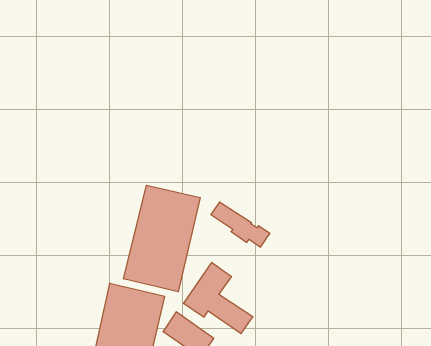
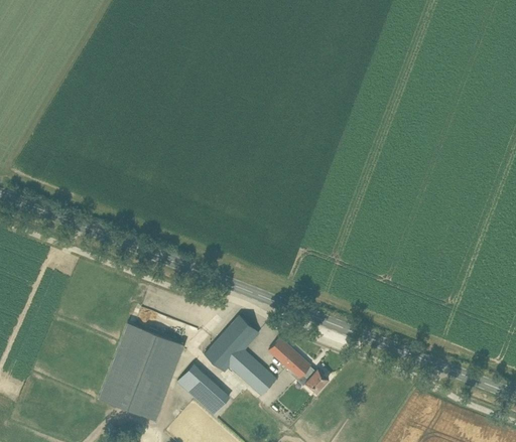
building: [124,185,200,292] -> none
building: [211,202,270,247] -> [268,338,329,393]

